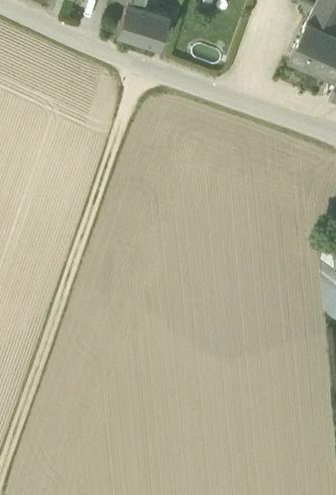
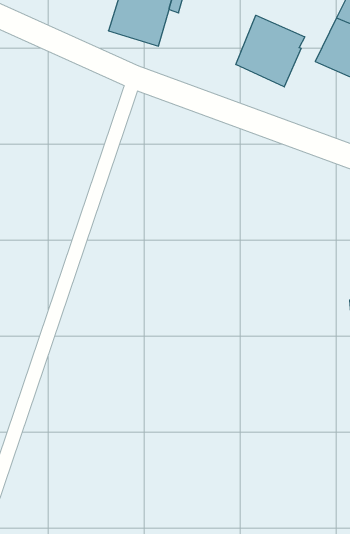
building: none -> [236,15,305,87]

